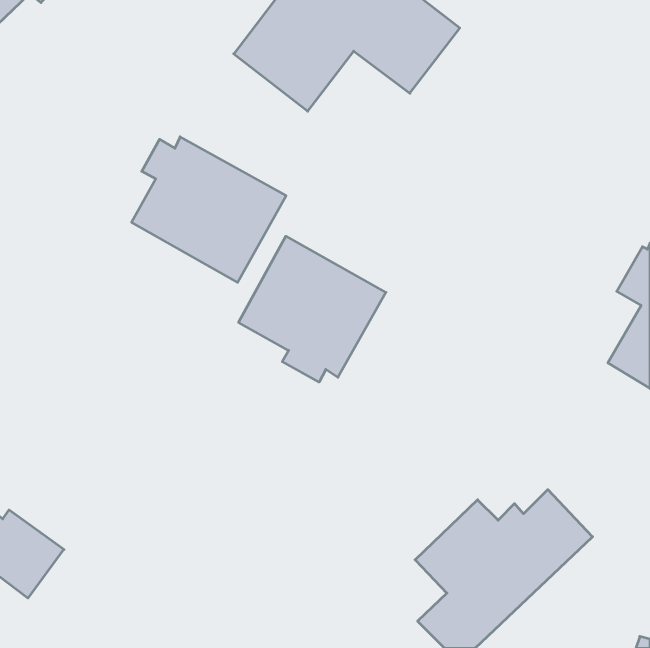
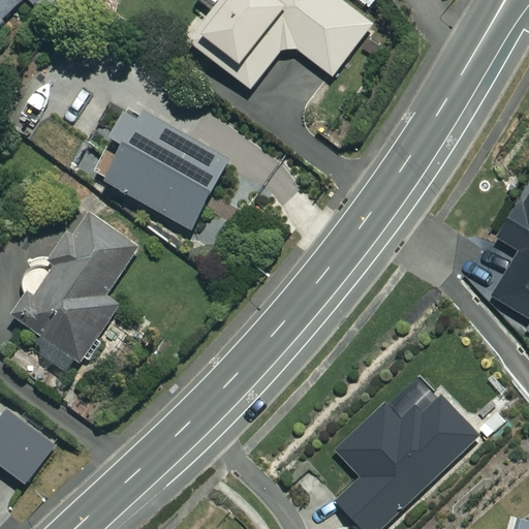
building: [239,236,386,382] -> none
building: none -> [9,217,137,372]

